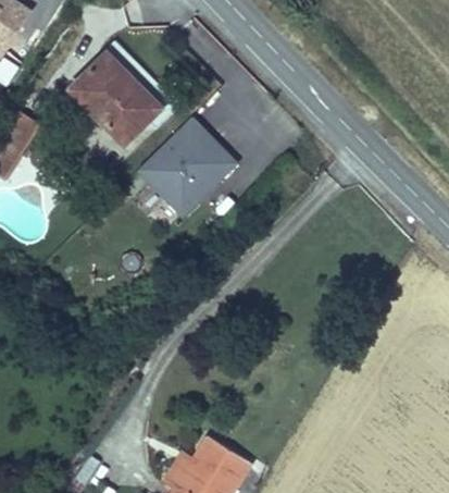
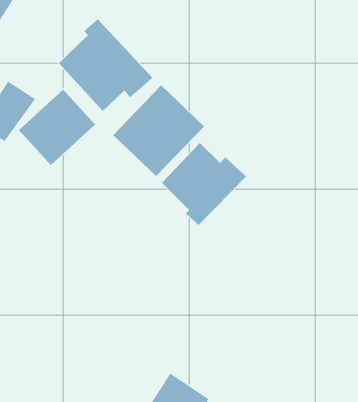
building: none -> [18,89,96,166]
building: none -> [161,142,247,226]

